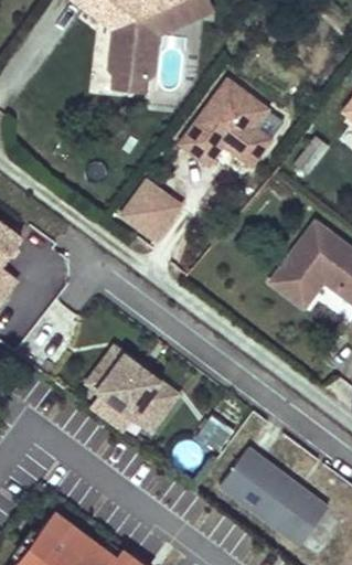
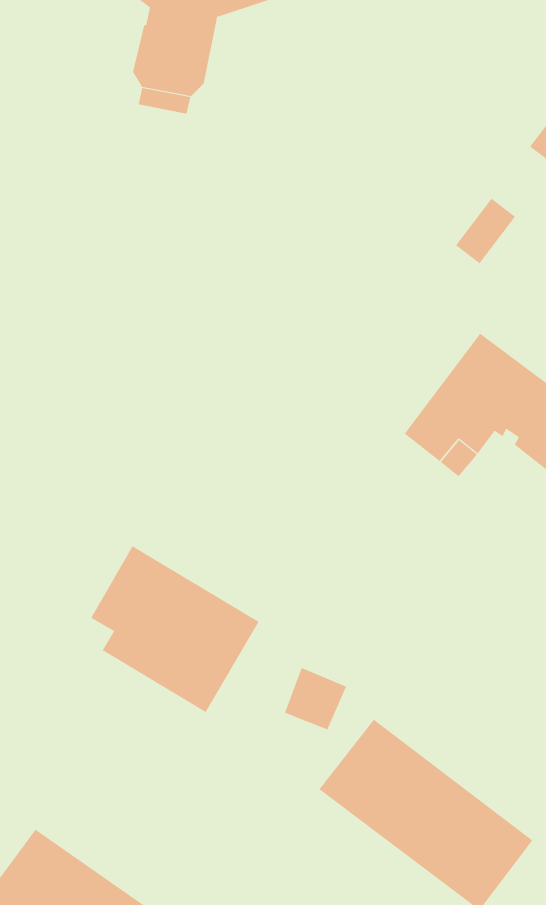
building: [188,83,277,169] -> none
building: [127,182,188,243] -> none

